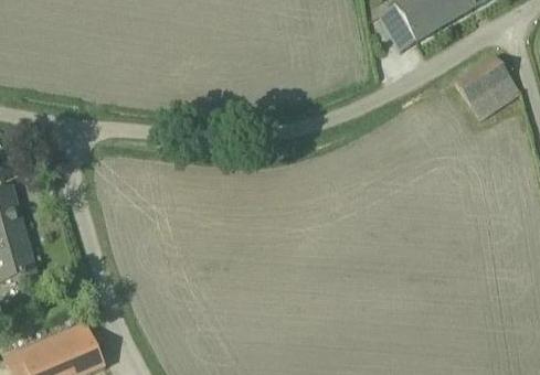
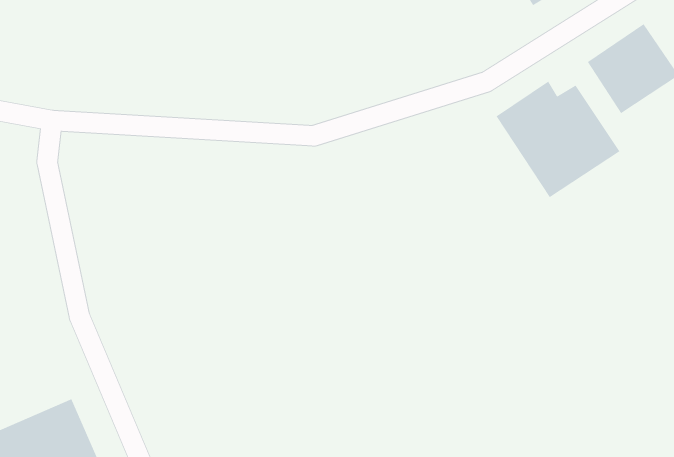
building: none -> [496,81,621,198]

